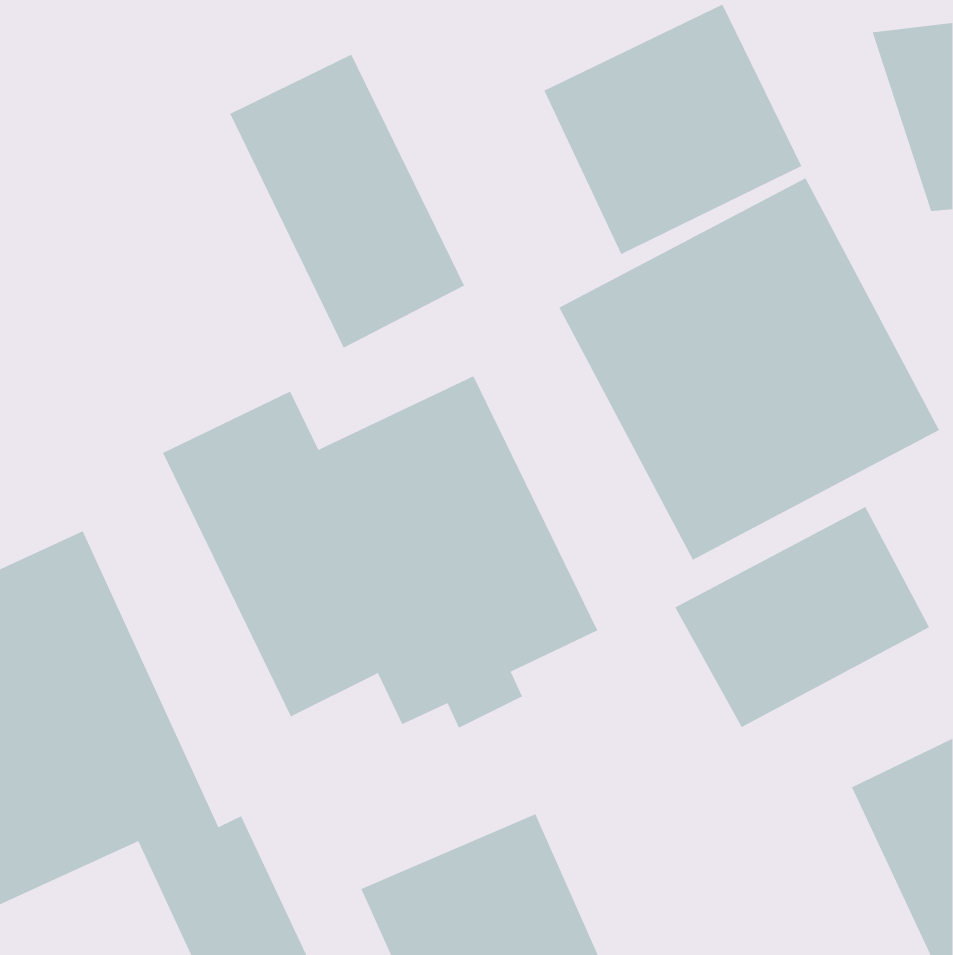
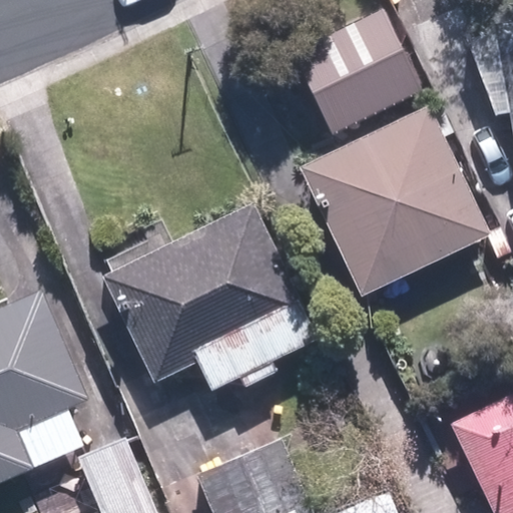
building: [229,54,465,348] -> none
building: [674,506,930,728] -> none

